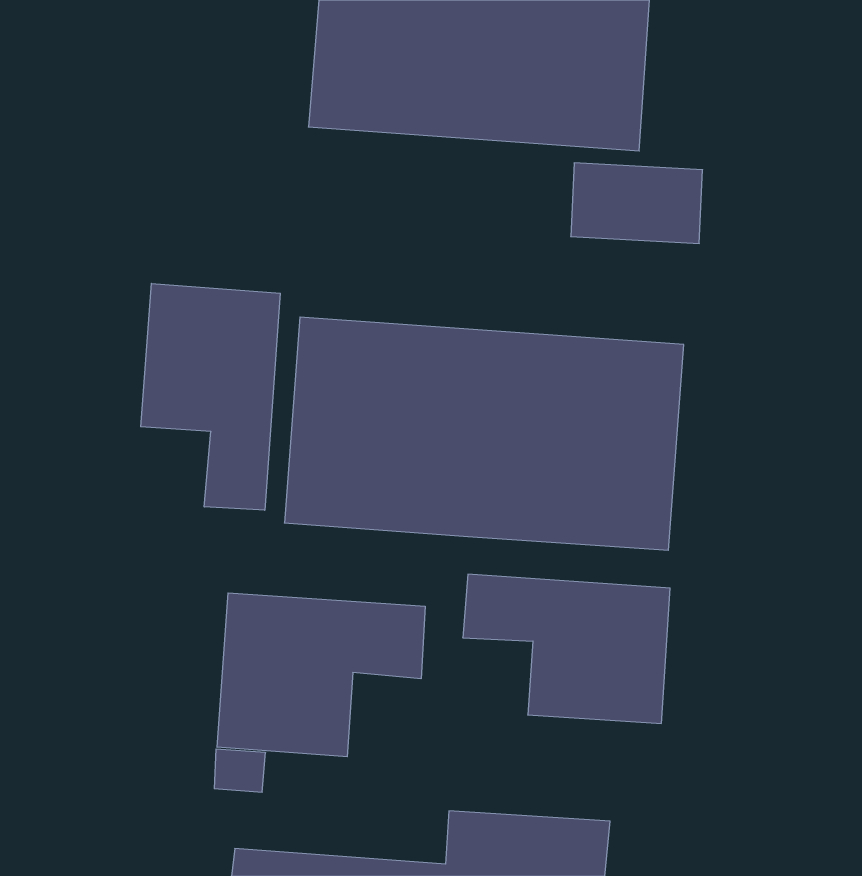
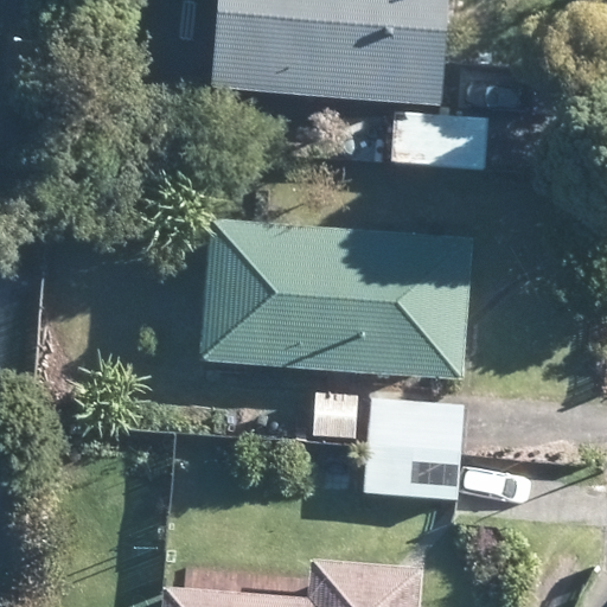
building: [141,283,280,510] -> none
building: [217,593,425,757] -> none

